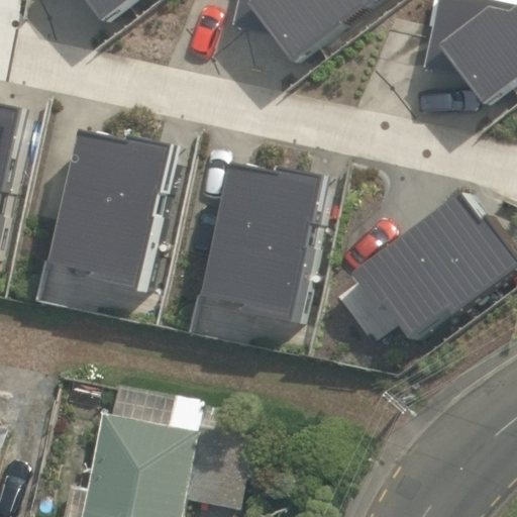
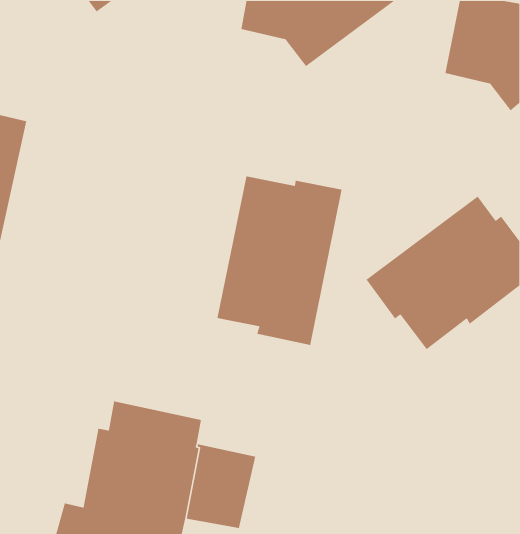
building: [57,141,177,303] -> none

